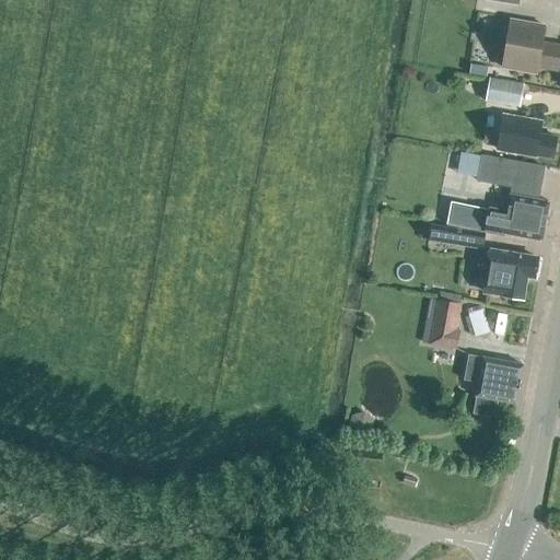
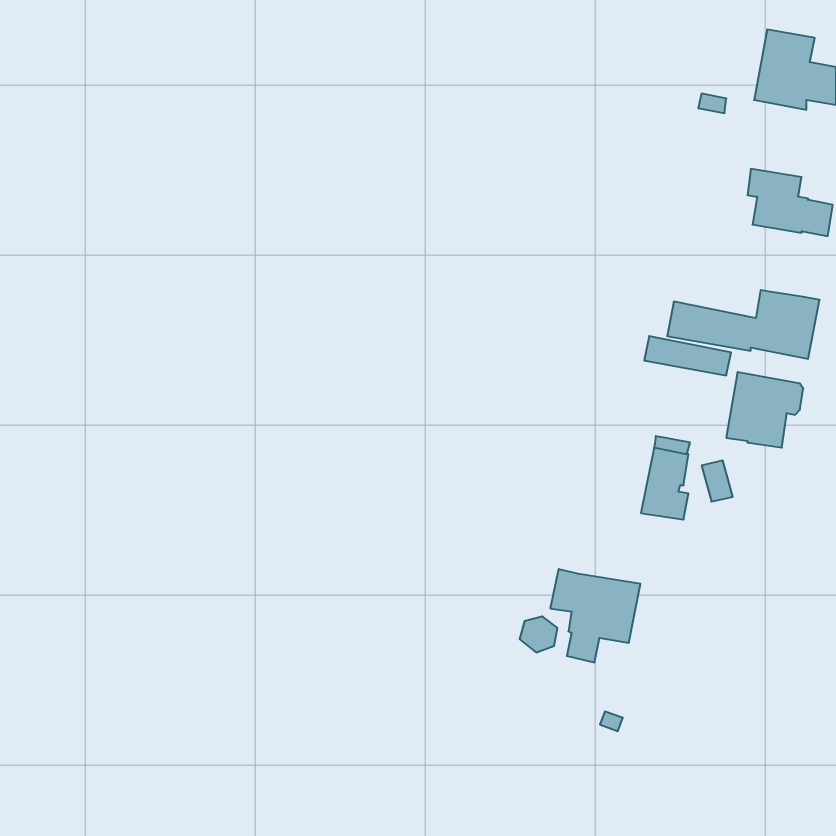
building: [483,77,523,105] -> none
building: [475,154,541,198] -> none
building: [462,353,522,416] -> [550,569,640,662]

